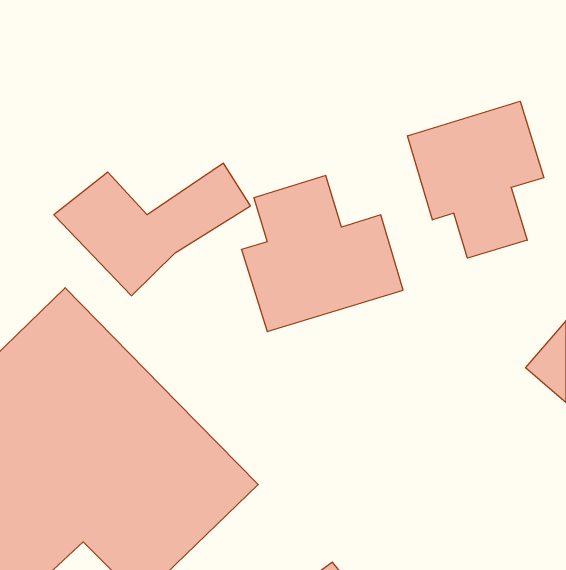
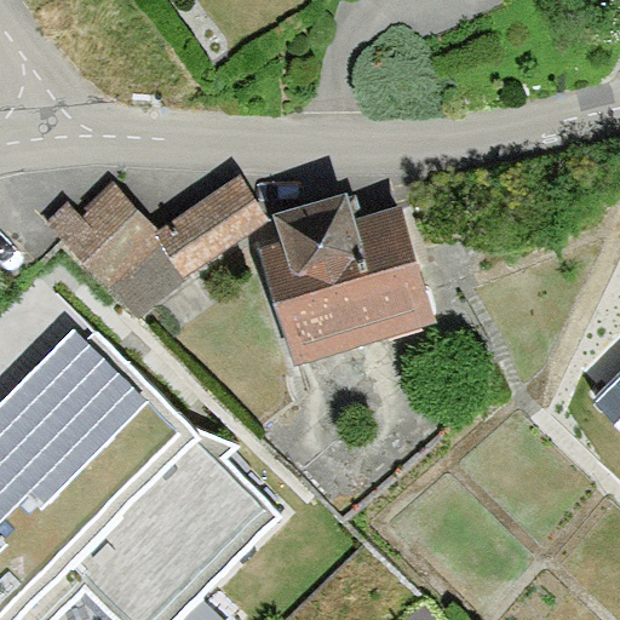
building: [407,101,544,258] -> none

